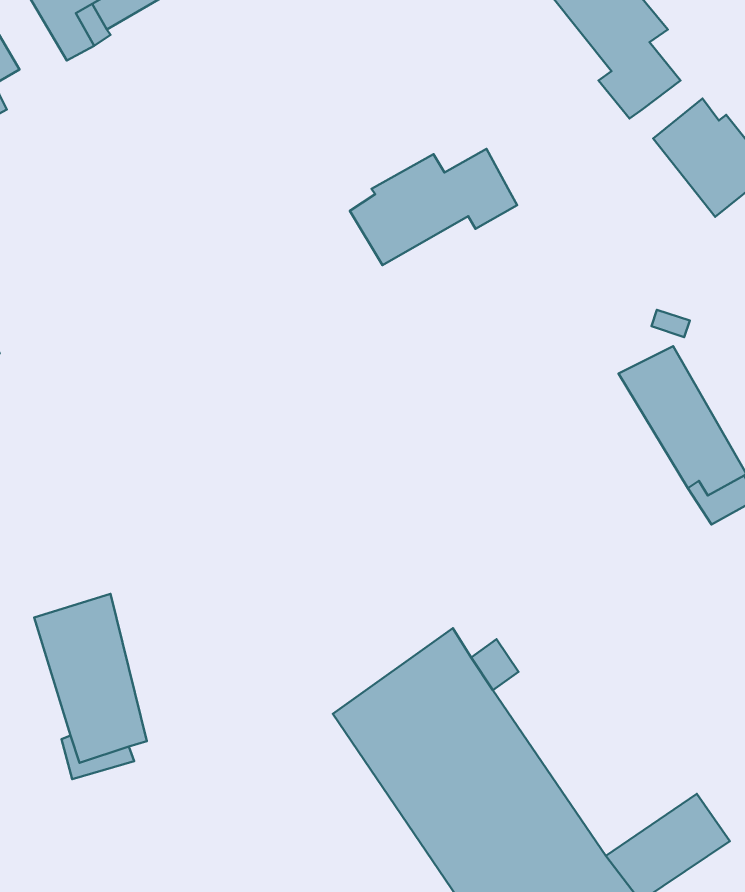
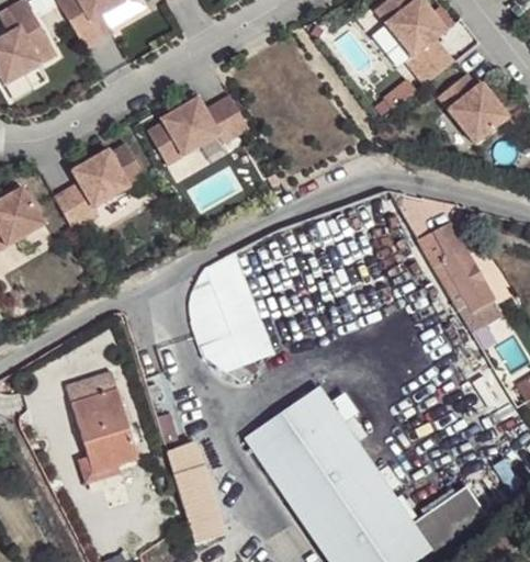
building: [350,149,517,265] -> [147,93,248,164]
building: none -> [53,143,145,228]
building: none -> [189,251,271,368]
building: none -> [170,441,229,537]

